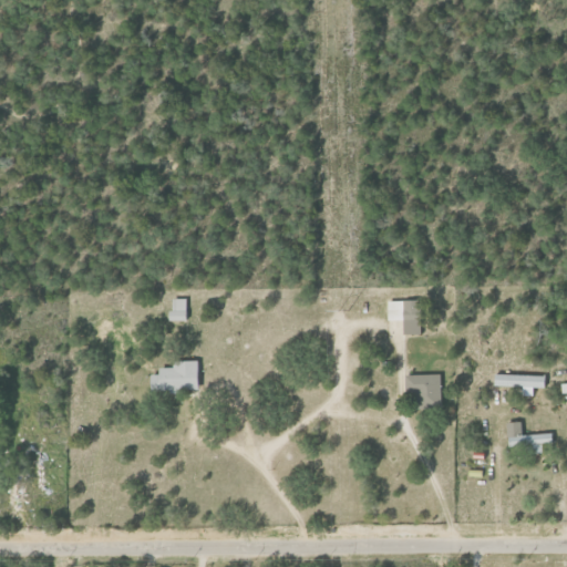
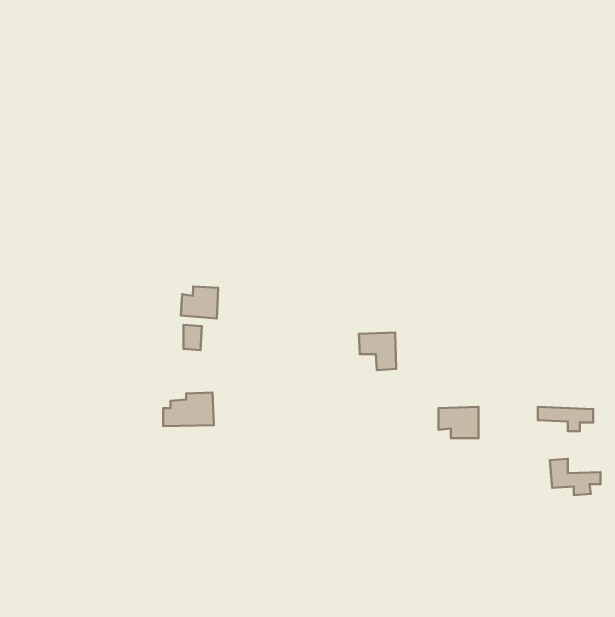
building: none -> [181,287,218,318]
building: [388,300,422,334] -> [359,333,396,370]

